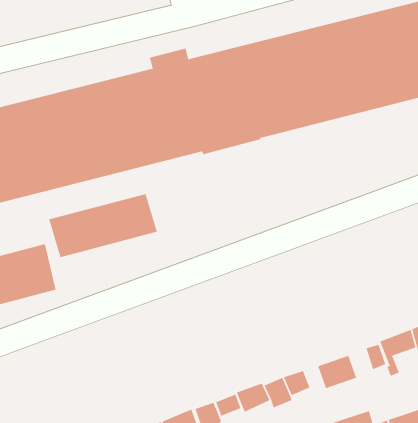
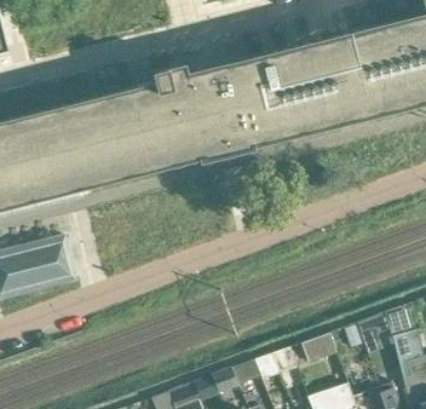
building: [48,193,158,258] -> none

